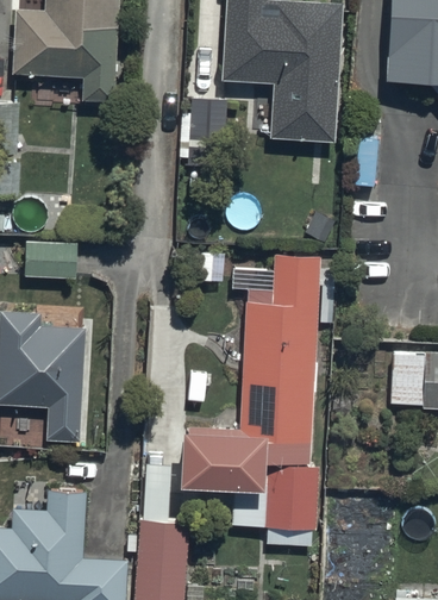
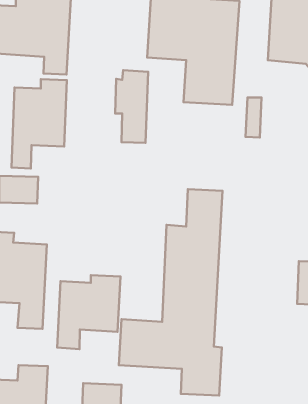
building: none -> [12,79,67,169]
building: none -> [57,275,121,349]

